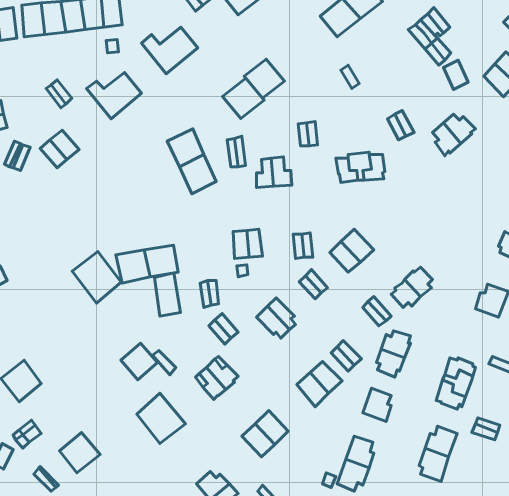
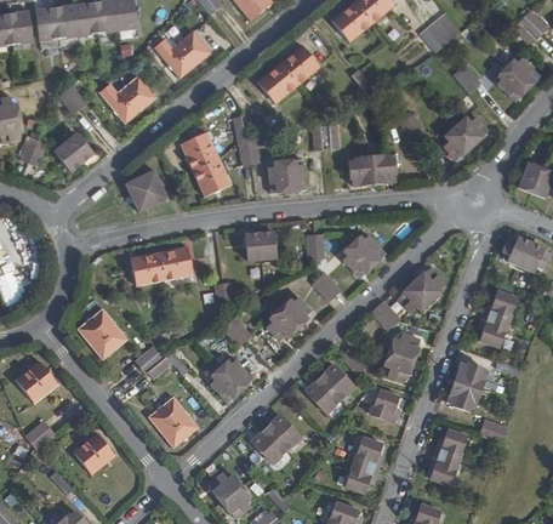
building: [223,78,264,118] -> [278,45,319,85]
building: none -> [122,170,165,212]
building: [72,252,121,303] -> [76,308,125,359]
building: [155,273,181,316] -> none
building: none -> [479,311,508,342]

